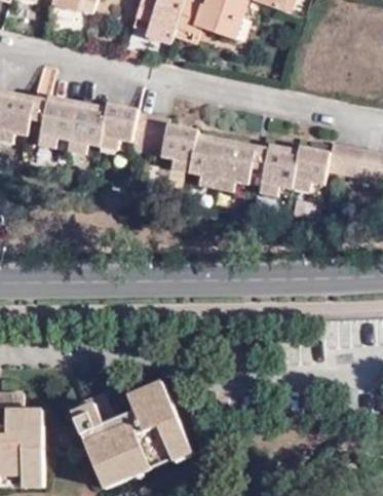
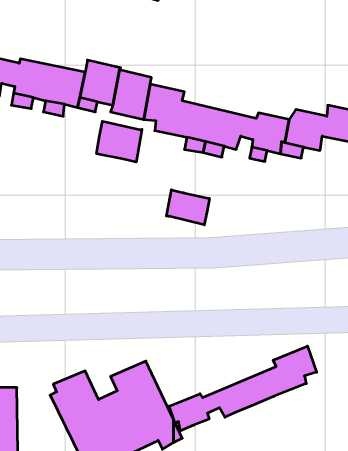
building: none -> [97,121,142,162]
building: none -> [166,190,209,225]
building: none -> [169,346,317,431]

